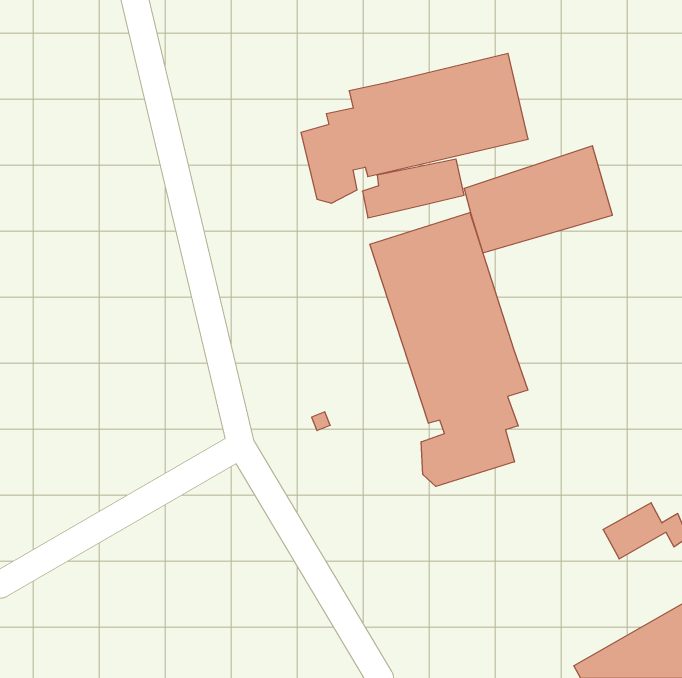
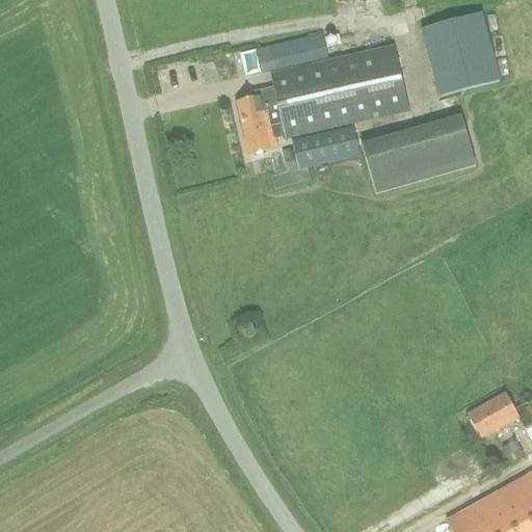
building: none -> [421,15,501,99]
building: none -> [240,30,328,76]
building: [370,212,528,486] -> none

